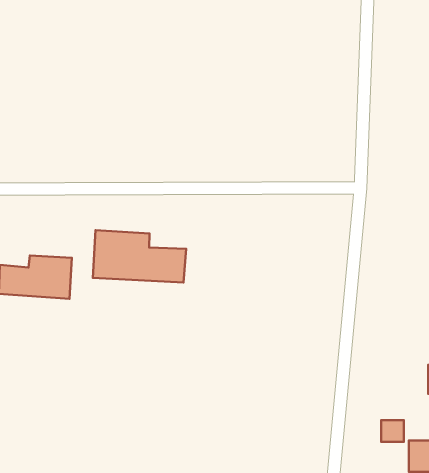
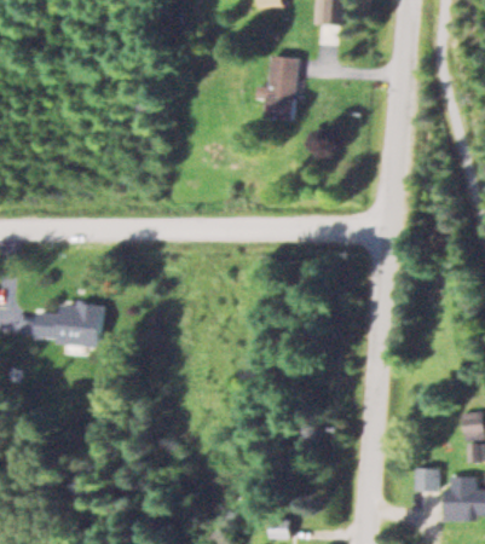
building: none -> [267,56,301,120]
building: [93,230,186,283] -> none

